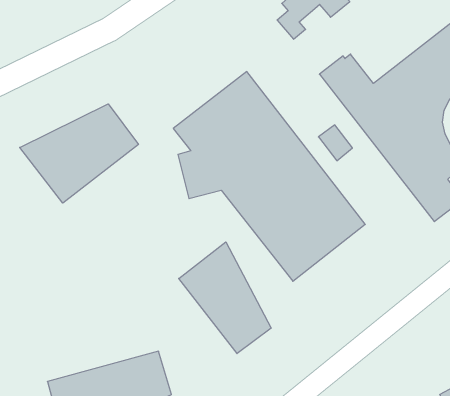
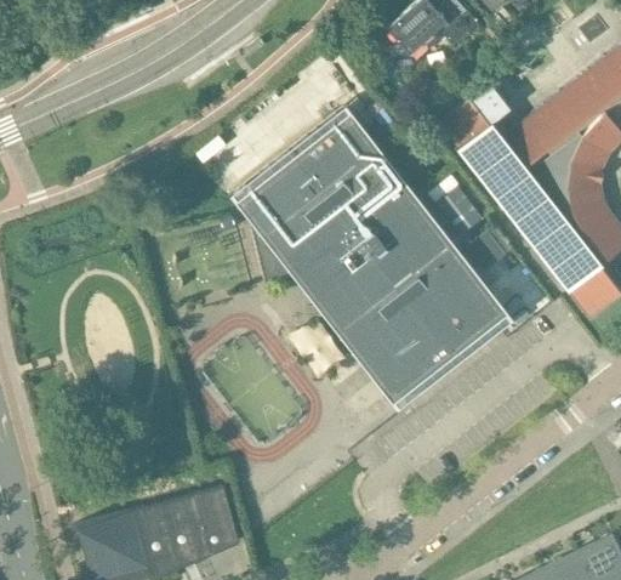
building: [20,104,138,203] -> none
building: [179,242,271,354] -> none

